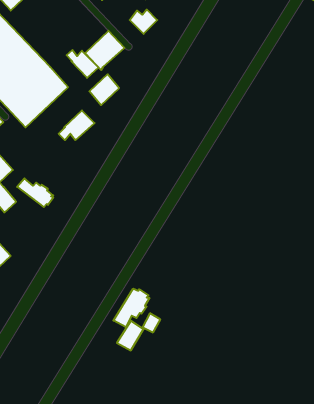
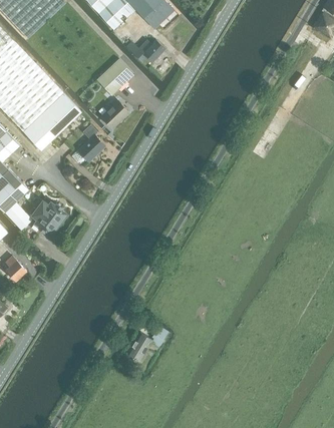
building: [67,50,99,78] -> none
building: none -> [28,205,58,234]
building: [113,289,149,327] -> none

